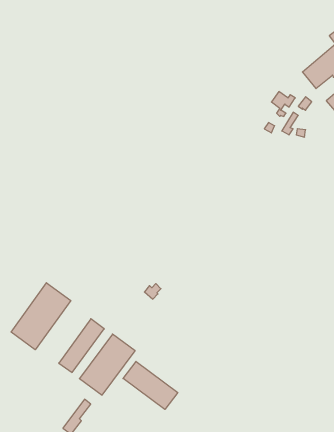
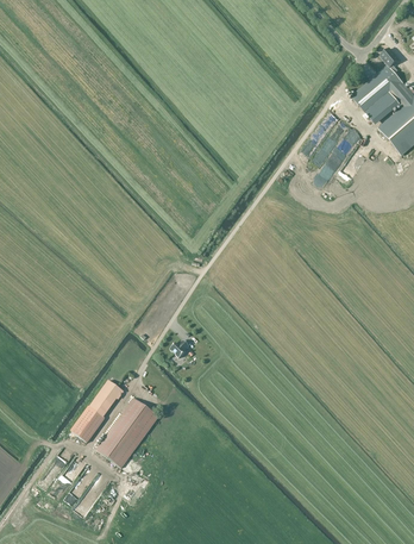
building: [11,283,71,350] -> none
building: [123,361,178,409] -> none

